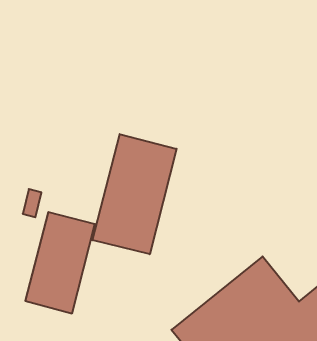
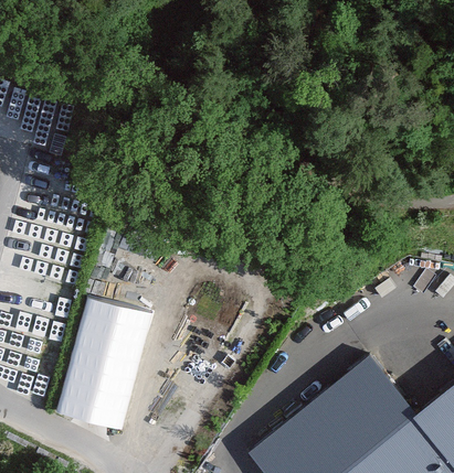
building: [92,134,177,254] -> none

